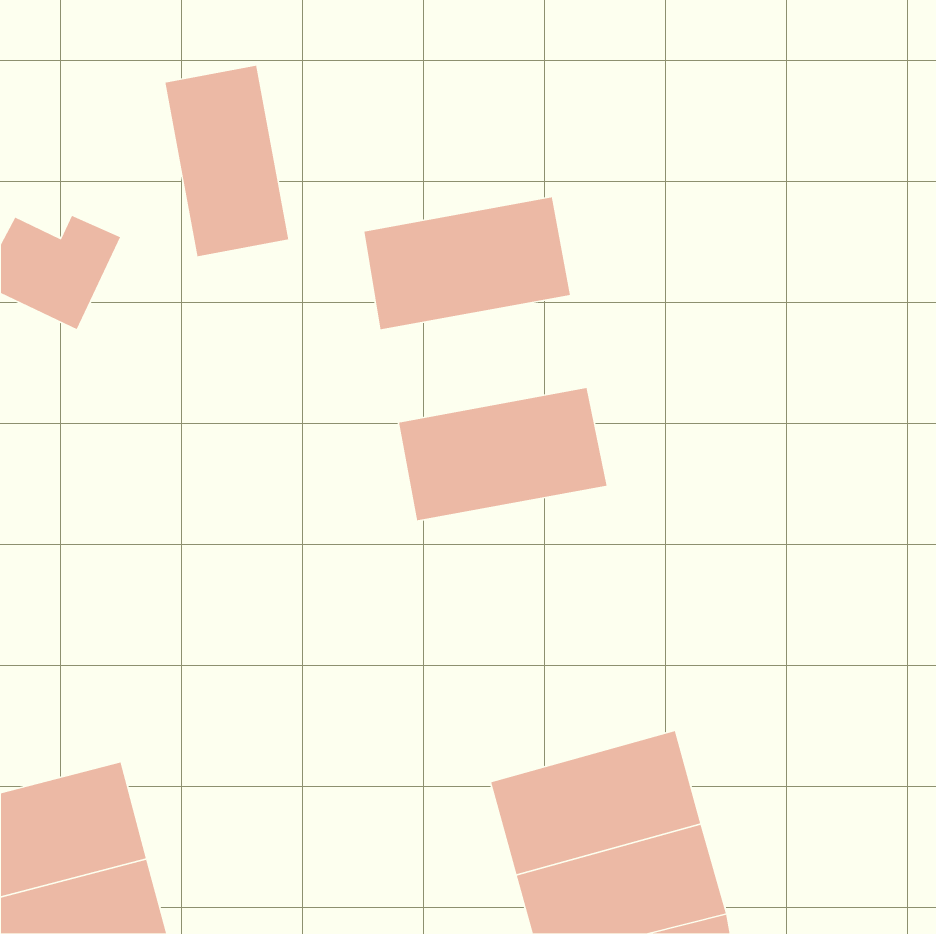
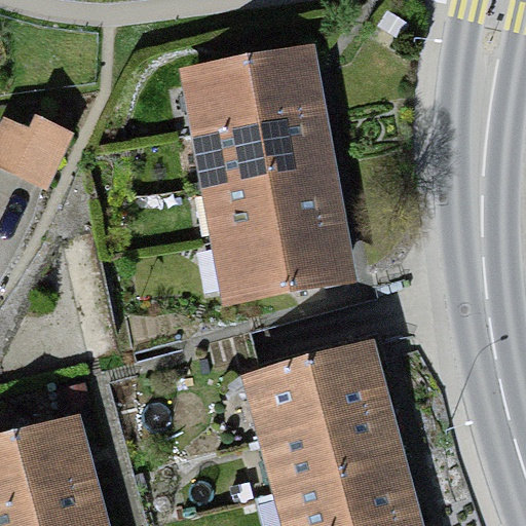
building: [165,65,289,257] -> none
building: none -> [194,55,310,129]
building: none -> [214,165,330,236]
building: none -> [259,351,379,438]

